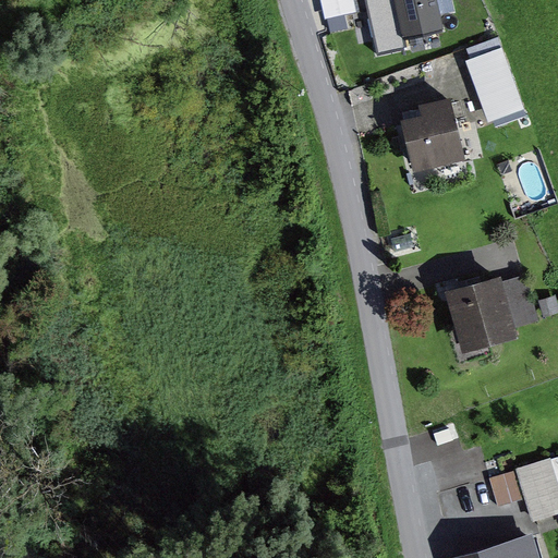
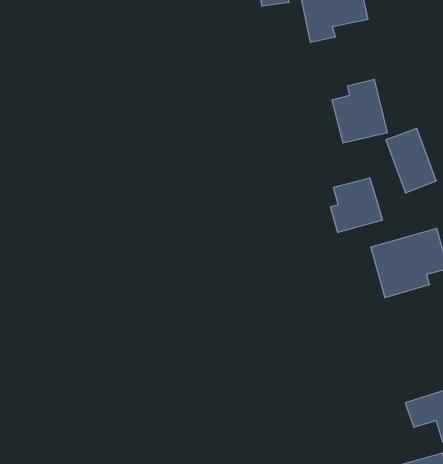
building: [464,46,523,121] -> [386,129,436,193]
building: none -> [331,178,382,233]

